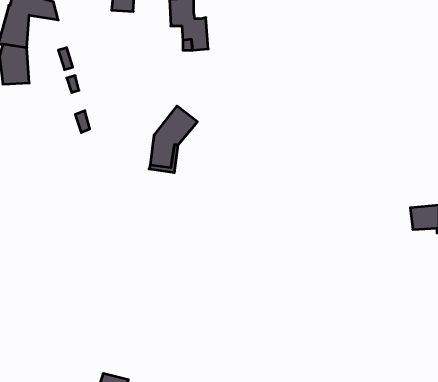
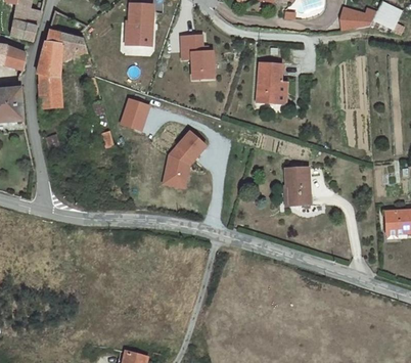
building: none -> [257,62,286,102]
building: none -> [119,96,150,131]
building: none -> [283,166,310,206]

